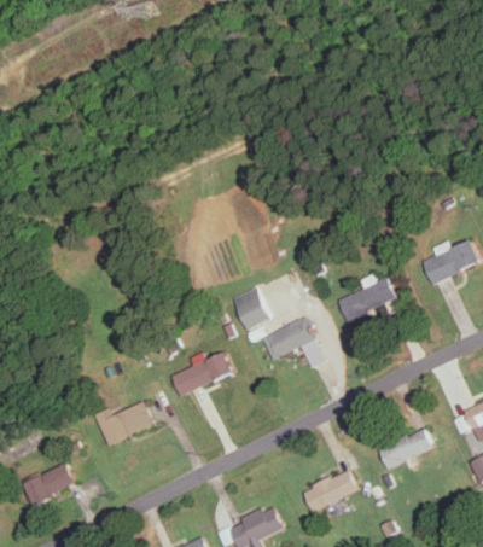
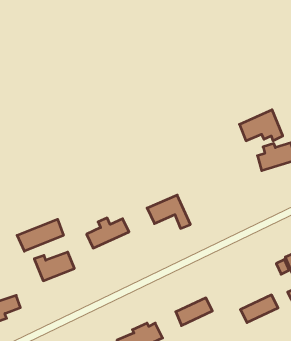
building: [337,278,401,324] -> [239,110,283,141]
building: [232,286,269,330] -> none
building: none -> [17,219,63,251]
building: [377,429,432,470] -> [240,295,278,323]

